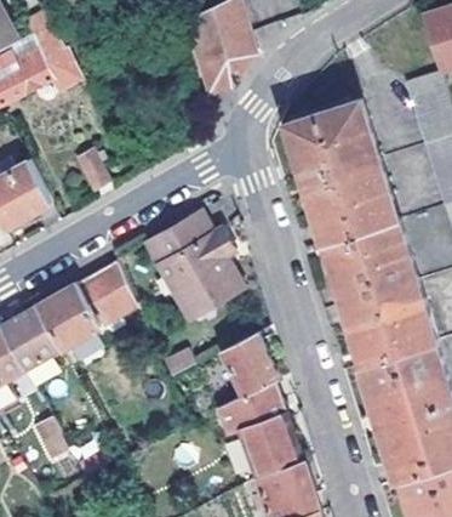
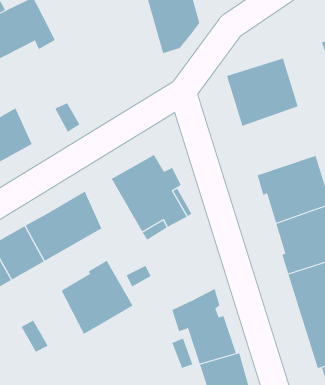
building: [307,159,394,243] -> none
building: [223,336,279,396] -> none
building: none -> [61,260,133,335]

